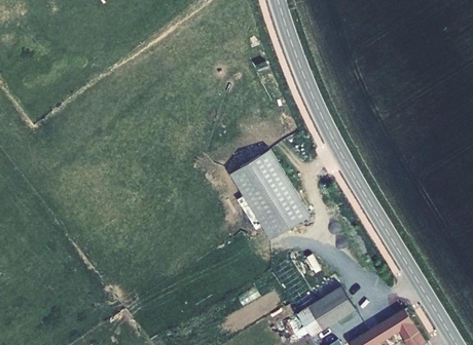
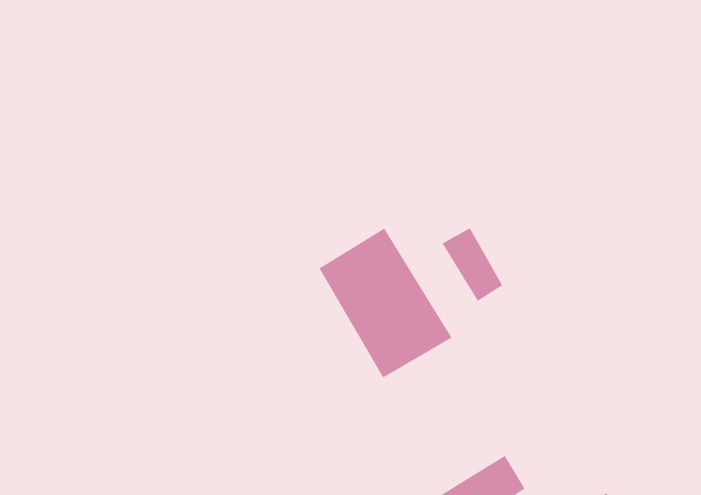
building: none -> [442,227,503,302]

